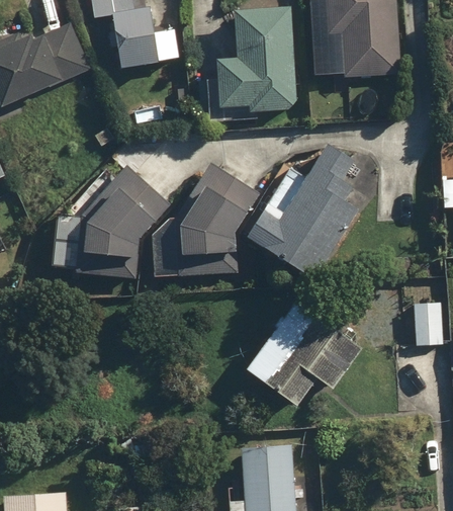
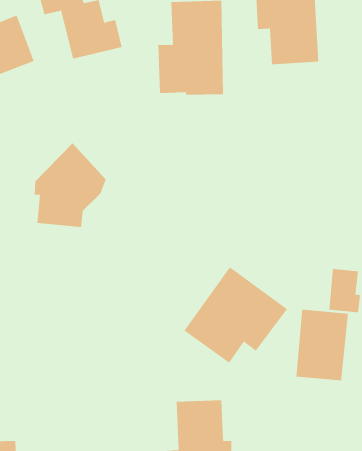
building: [247,142,378,278] -> none
building: [151,162,258,278] -> none
building: none -> [296,309,348,381]

